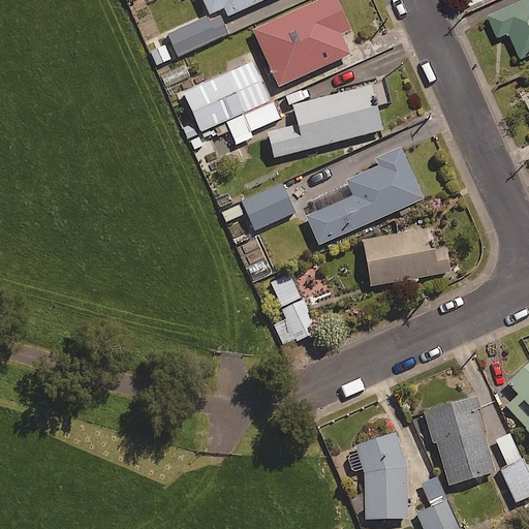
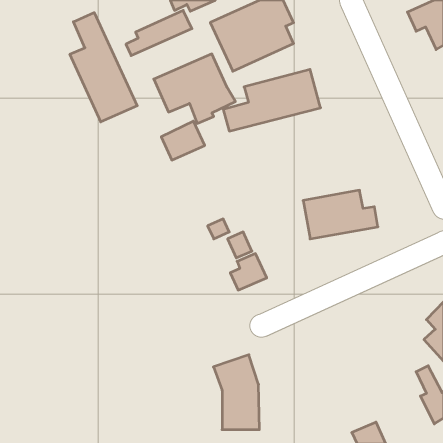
building: none -> [70,13,137,122]
building: [306,146,423,244] -> none
building: [244,186,295,232] -> [161,121,205,160]
building: [424,395,496,484] -> none
building: [353,430,408,519] -> [213,355,259,430]

